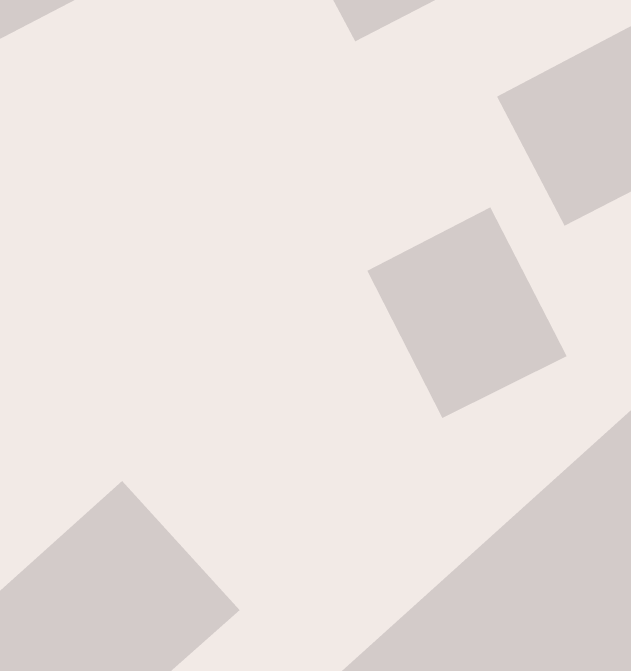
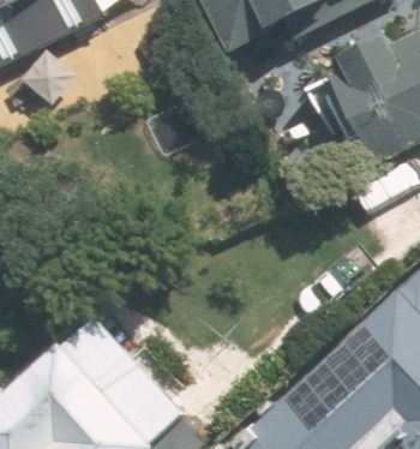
building: [367,206,568,419] -> none

